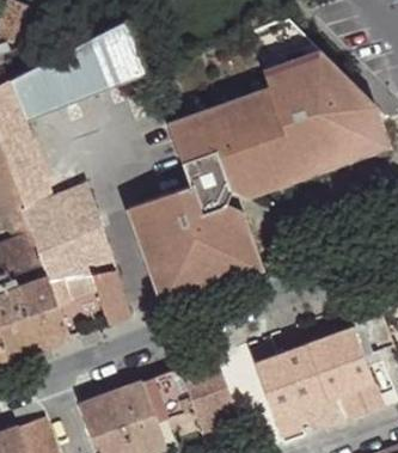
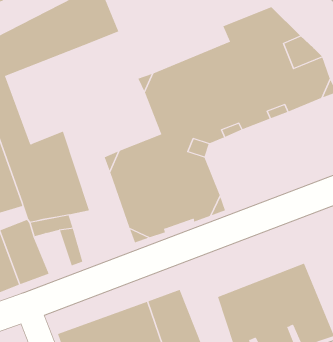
building: [92,269,131,325] -> none

